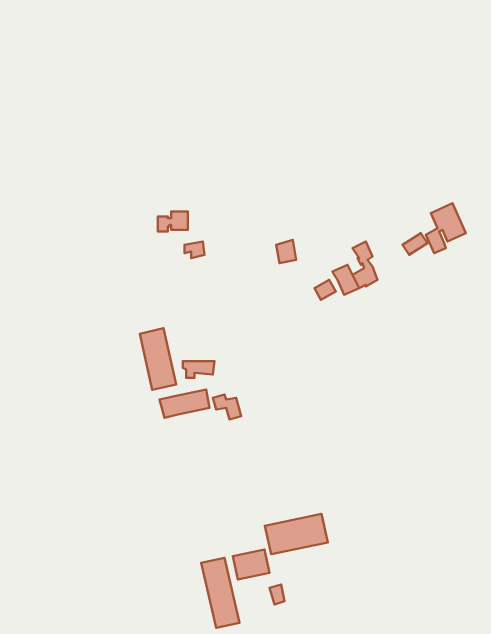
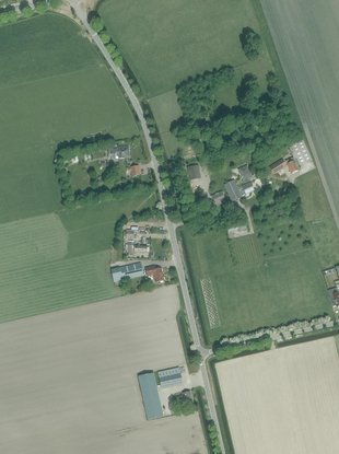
building: [140,328,176,390] -> none
building: [265,514,328,554] -> none

